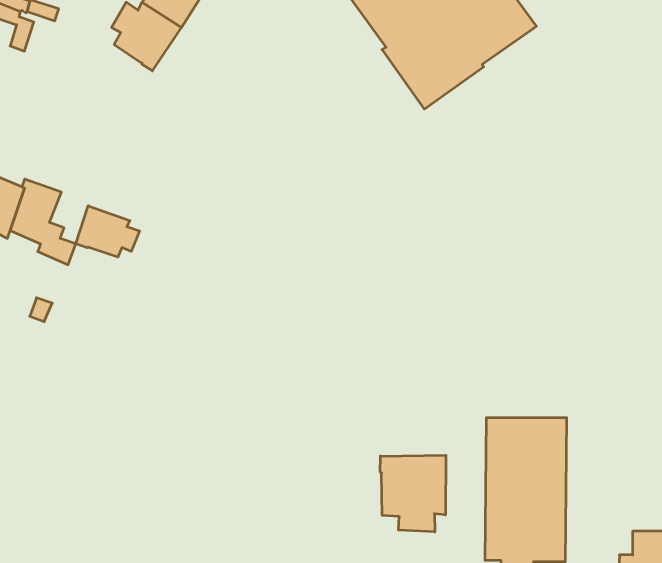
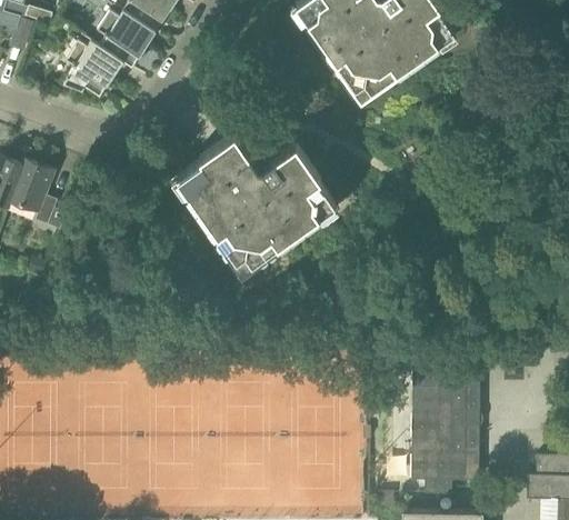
building: none -> [62,42,122,100]
building: none -> [176,134,336,274]
building: [76,206,140,257] -> none
building: [380,455,446,532] -> none

